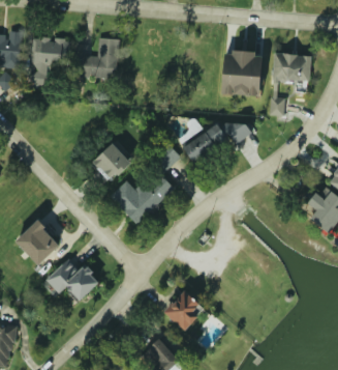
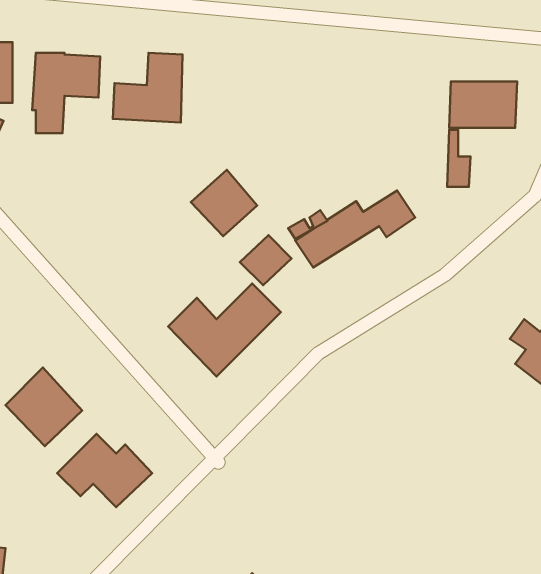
building: [222,52,262,96] -> none
building: [93,142,131,180] -> [191,170,257,236]
building: [164,290,198,331] -> none

